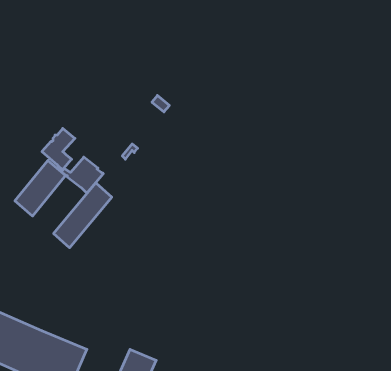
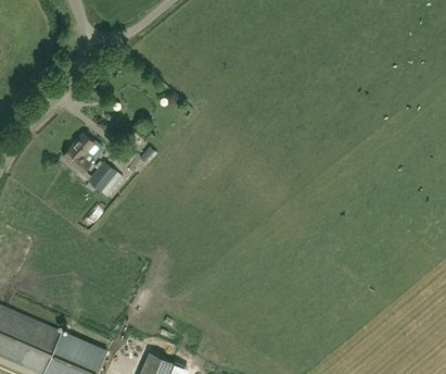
building: [15,160,66,216] -> none
building: [54,183,112,248] -> none

